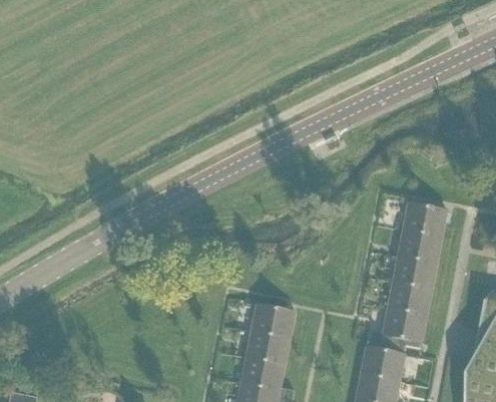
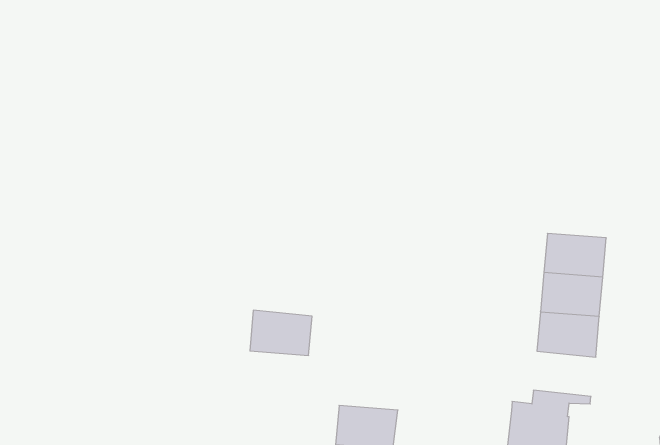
building: [402,207,446,241] -> none
building: [251,308,295,342] -> [250,310,312,355]
building: [382,312,426,346] -> none

